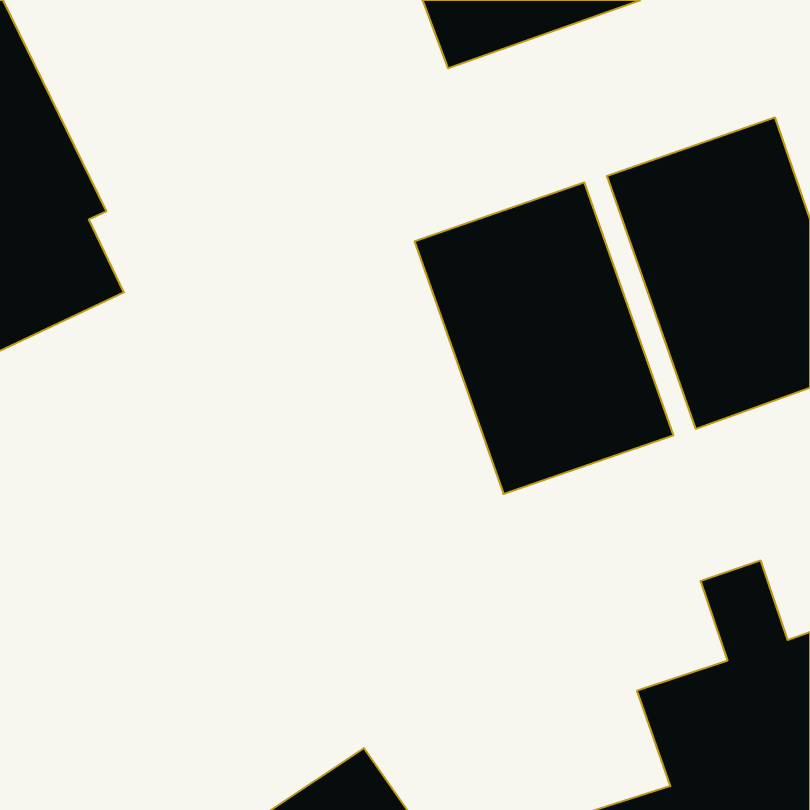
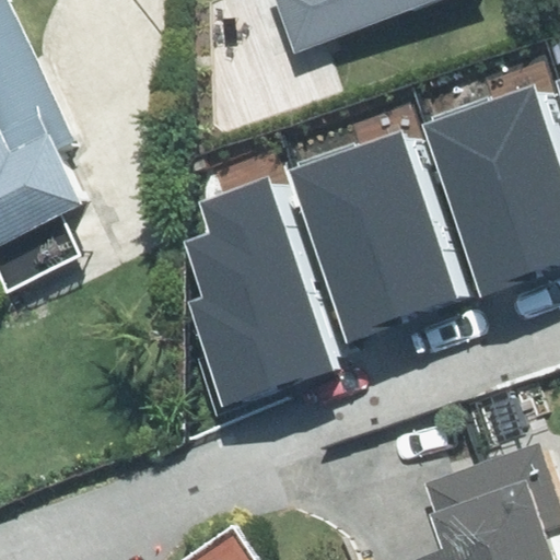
building: none -> [183,172,343,410]

